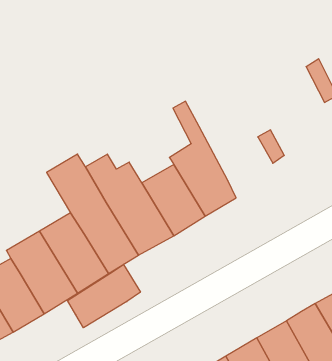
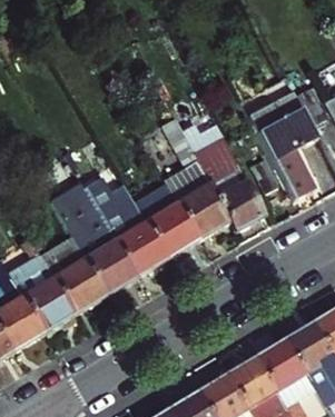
building: none -> [244,75,319,199]
building: none -> [197,137,268,230]
building: [68,264,140,328] -> none

